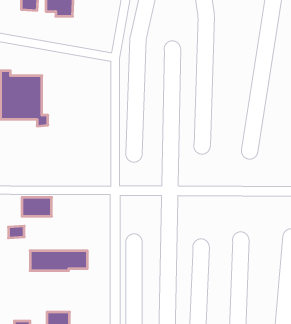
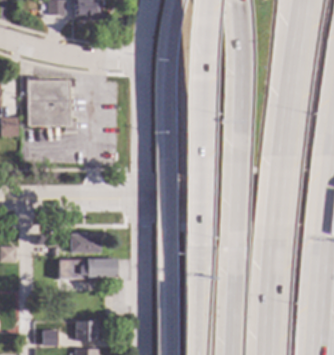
building: [22,197,52,216] -> [70,233,100,252]

